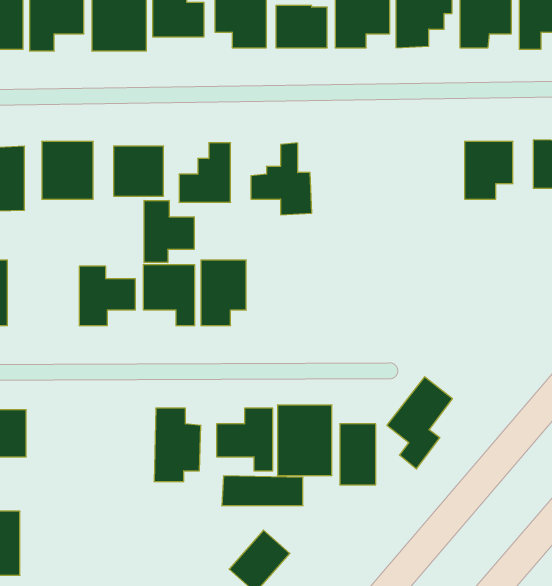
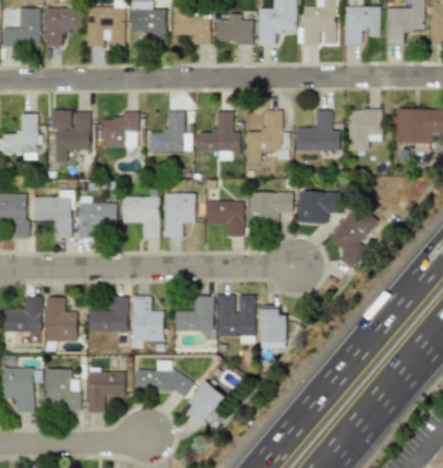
building: none -> [297,109,339,151]
building: none -> [246,110,285,161]
building: [144,200,194,263] -> none
building: none -> [297,191,343,224]
building: none -> [34,192,74,238]
building: none -> [249,192,292,221]
building: none -> [205,201,243,237]
building: [387,377,452,469] -> [330,204,375,268]
building: none -> [46,297,77,343]
building: none -> [88,297,128,333]
building: [222,476,303,506] -> [134,370,191,391]
building: none -> [88,368,124,412]
building: none -> [46,369,81,409]

